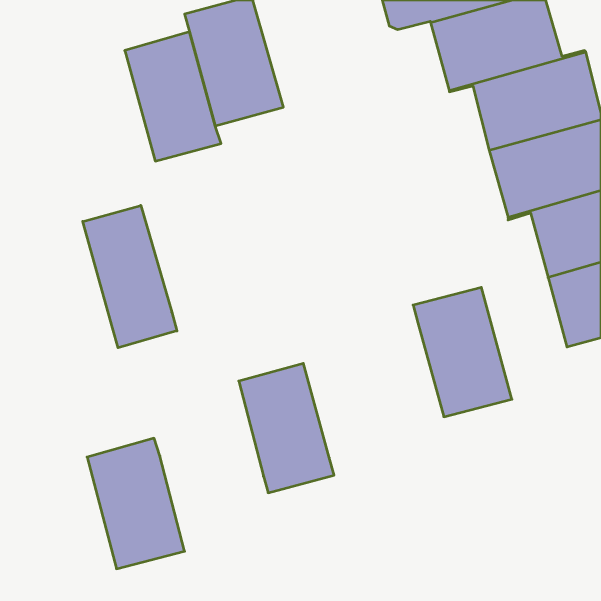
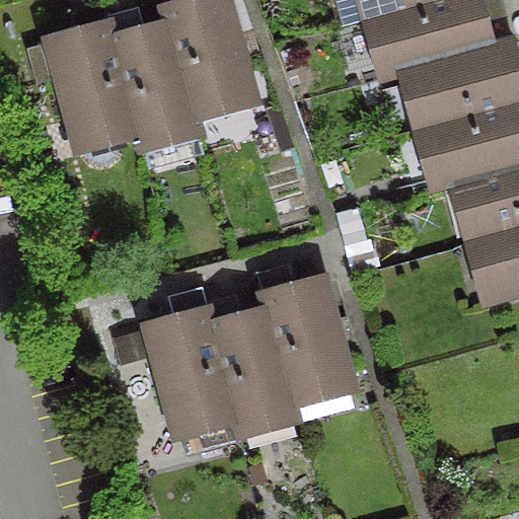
building: none -> [44,28,134,168]
building: [83,205,177,348] -> none
building: [413,287,512,417] -> [257,283,343,394]
building: [87,438,185,569] -> [143,313,227,426]

